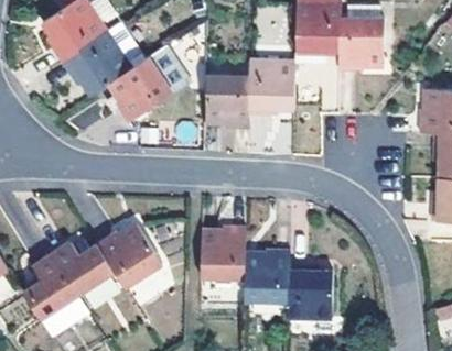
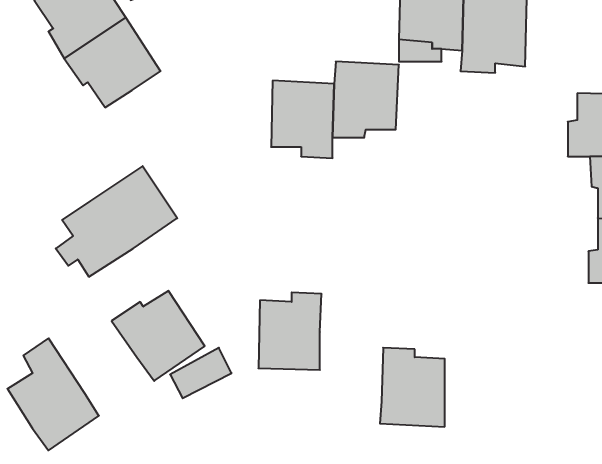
building: [106,46,191,123] -> [56,166,177,277]
building: [52,244,114,295] -> none
building: [241,248,286,300] -> none

